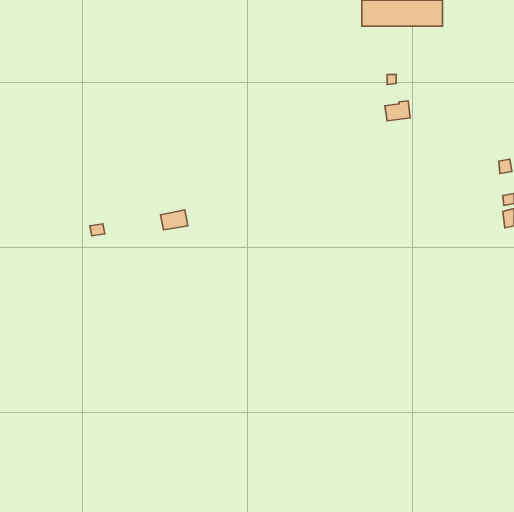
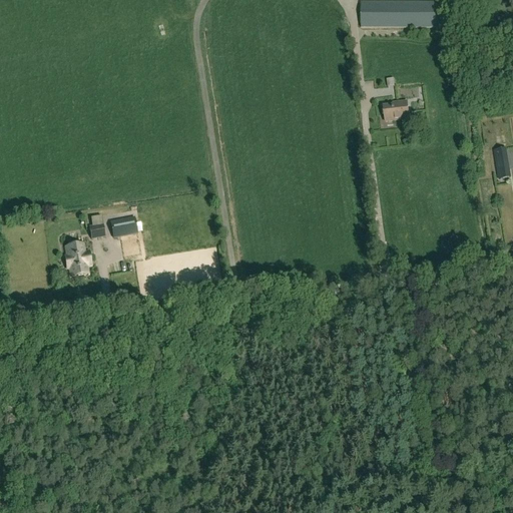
building: [161,210,188,230] -> [109,215,136,235]
building: none -> [65,241,91,273]

